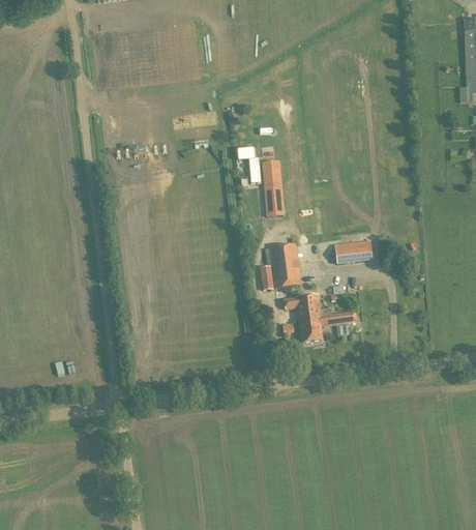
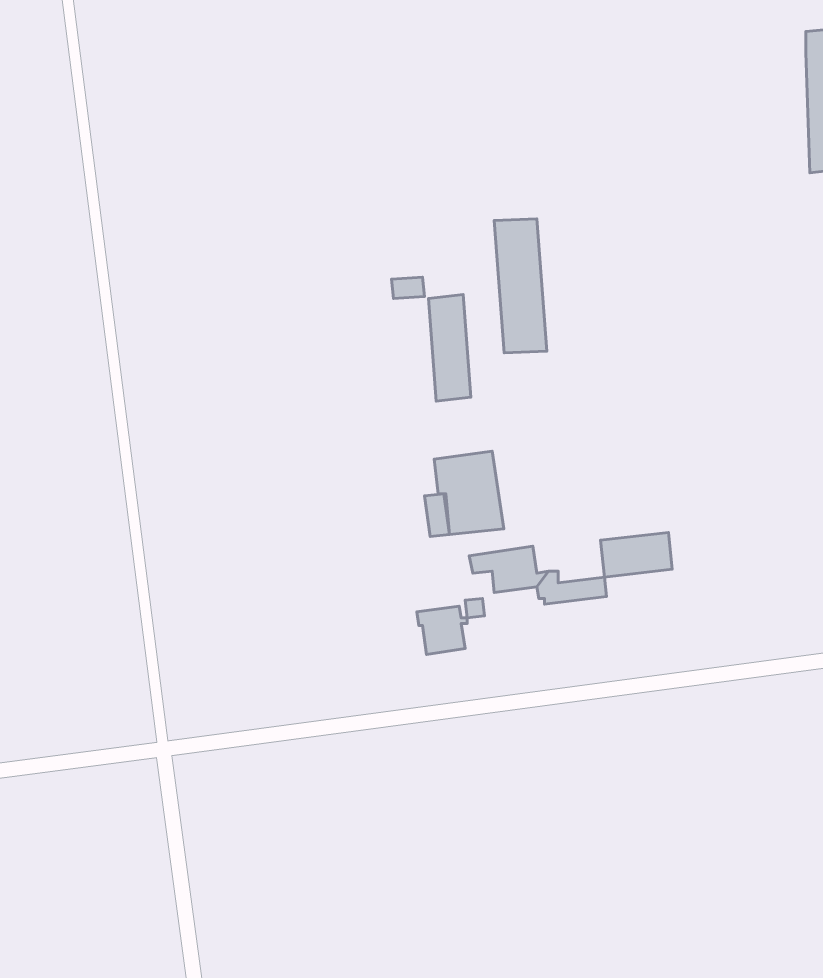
building: none -> [494,219,547,353]
building: [334,239,373,263] -> [601,533,672,577]
building: [297,316,324,342] -> [417,606,467,654]

